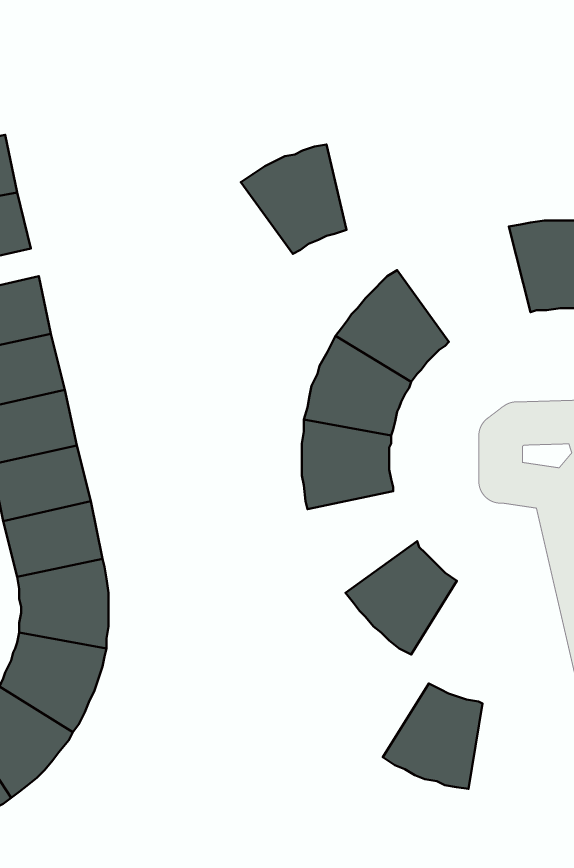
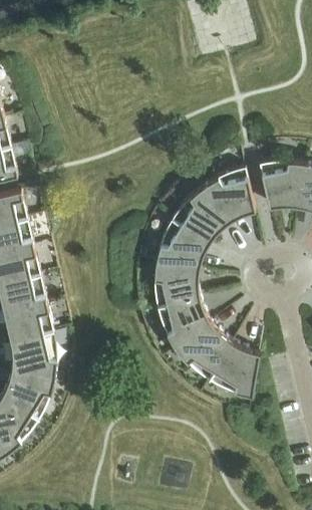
building: [241,144,346,254] -> [202,168,255,223]
building: none -> [157,298,212,349]
building: [383,683,482,789] -> [209,343,259,397]

